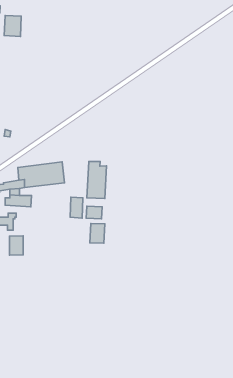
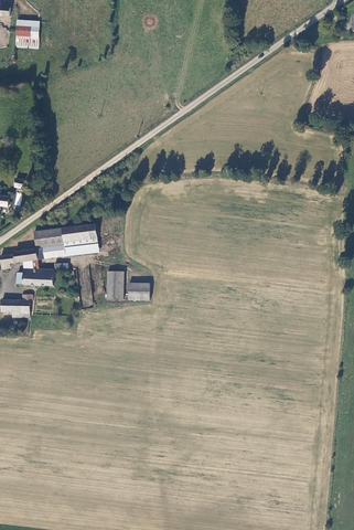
building: [87,161,107,199] -> none
building: [90,223,105,243] -> none
building: [10,236,23,255] -> none

